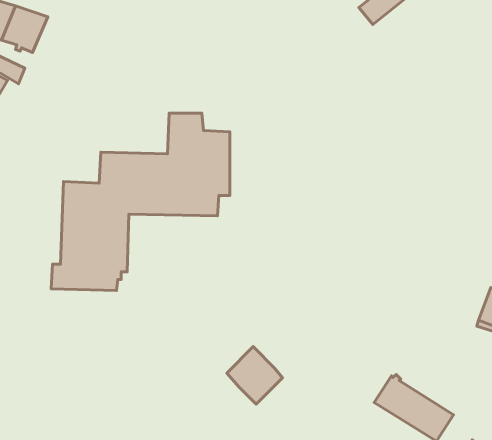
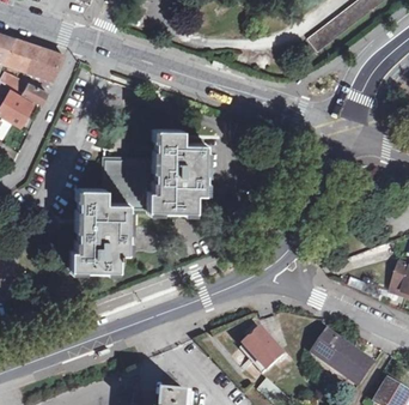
building: [227,347,283,404] -> [239,330,282,374]

